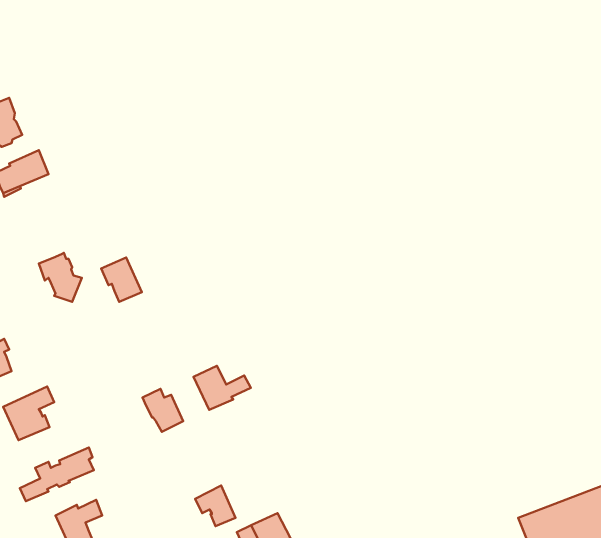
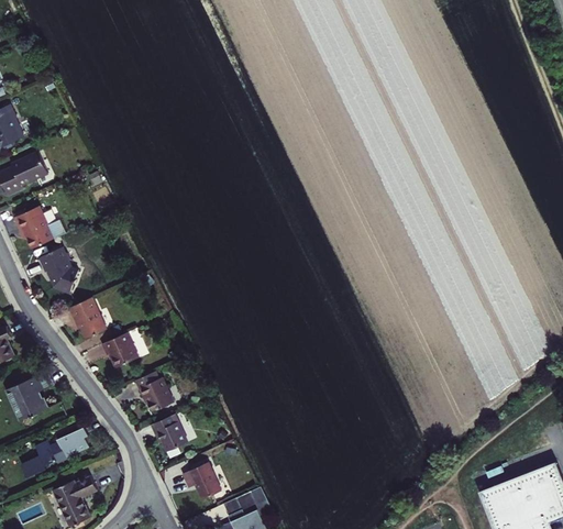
building: none -> [14,206,66,249]
building: [101,258,142,302] -> [67,298,104,339]
building: none -> [100,333,135,368]
building: [194,366,251,410] -> none
building: none -> [152,415,187,451]

